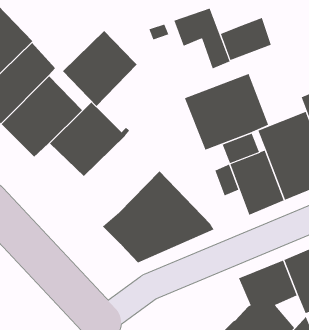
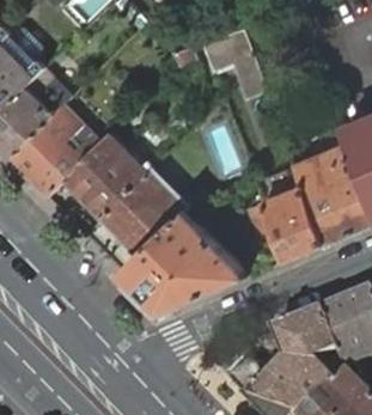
building: [220,17,272,61] -> none
building: [62,30,138,107] -> [102,170,185,255]
building: [184,73,269,151] -> none

